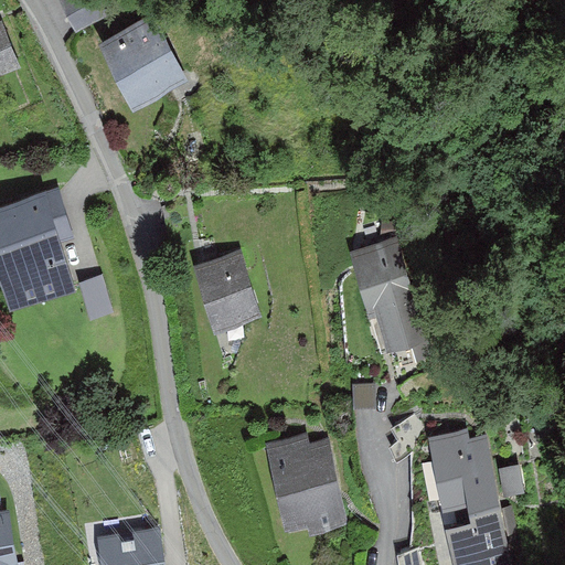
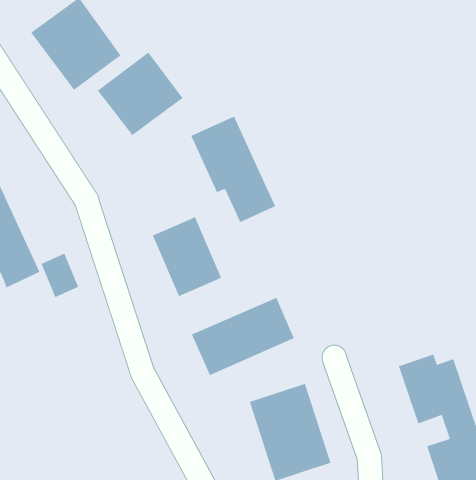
building: none -> [97,51,183,136]
building: [349,239,427,351] -> [190,115,276,223]
building: none -> [191,297,295,376]

